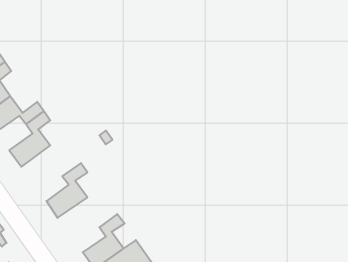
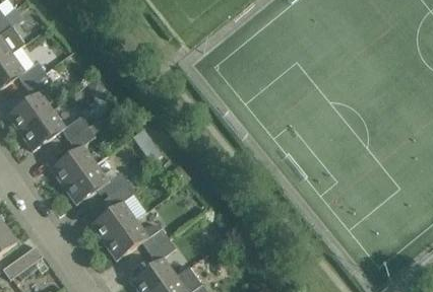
building: none -> [63,163,128,205]
building: none -> [103,220,168,261]

